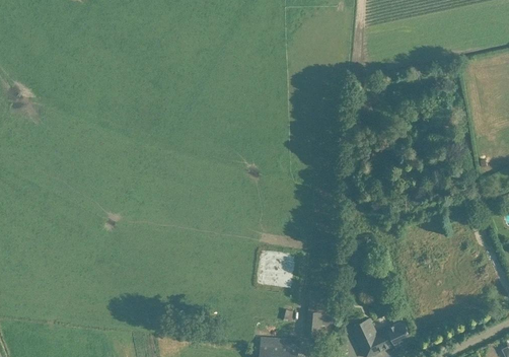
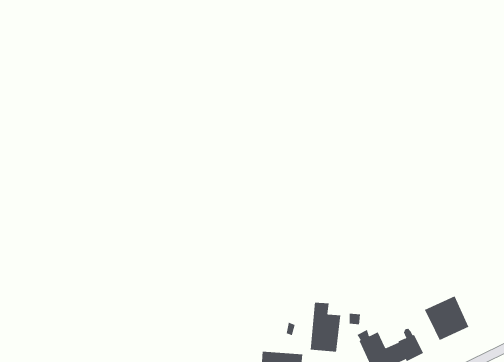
building: none -> [424,295,469,341]

